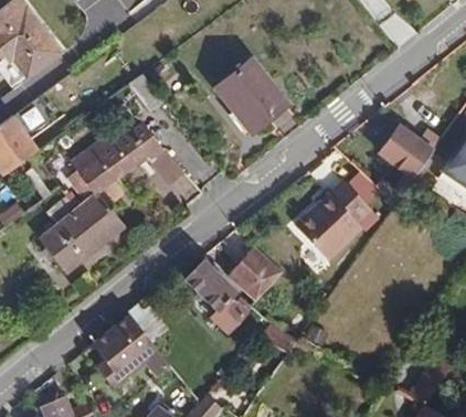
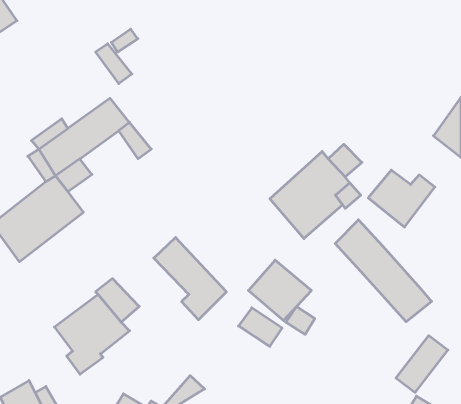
building: [213,66,288,145] -> none
building: [377,119,437,171] -> [368,170,435,227]
building: none -> [335,220,432,322]
building: [225,242,283,297] -> [248,260,311,321]

